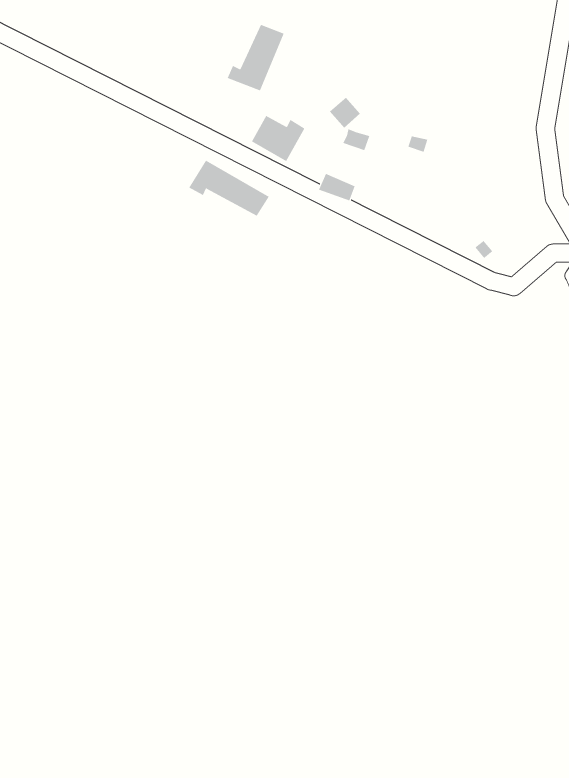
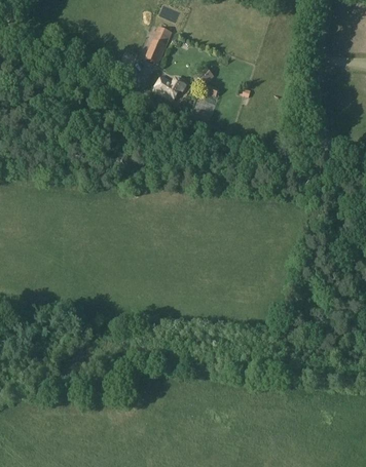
building: [189,160,269,216] -> none

